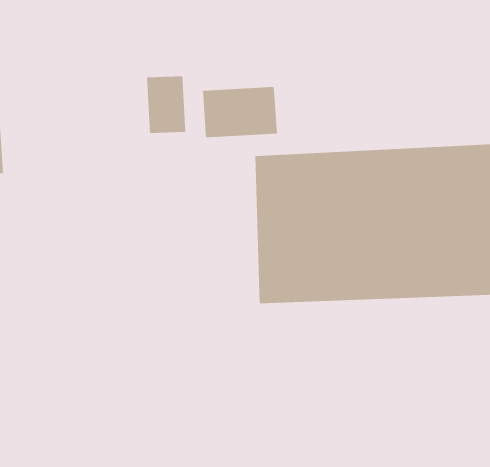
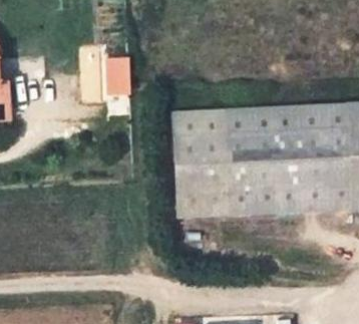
building: [202,86,277,138] -> none

